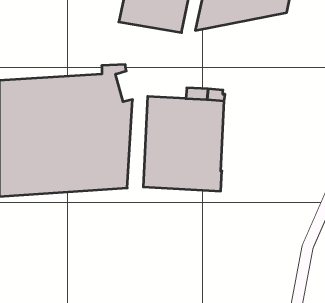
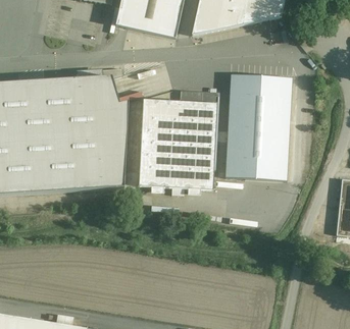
building: none -> [226,74,293,180]

